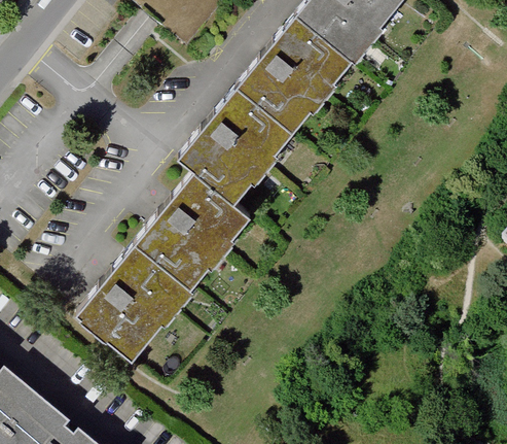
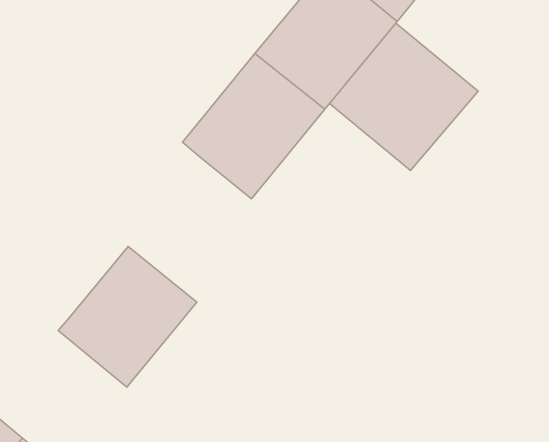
building: none -> [329,23,478,171]
building: [134,167,256,293] -> none

